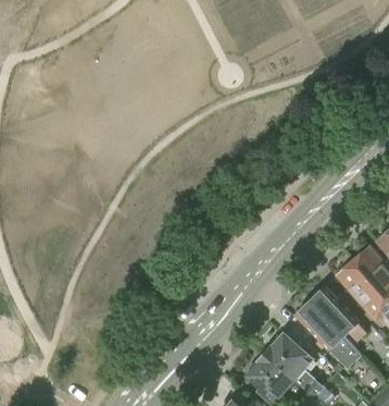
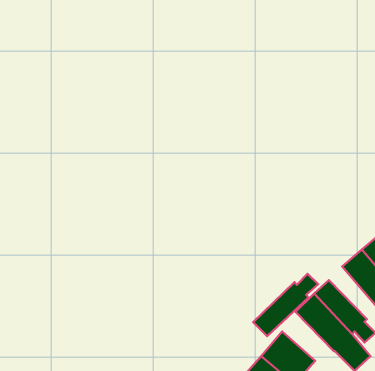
building: none -> [253,274,318,336]

